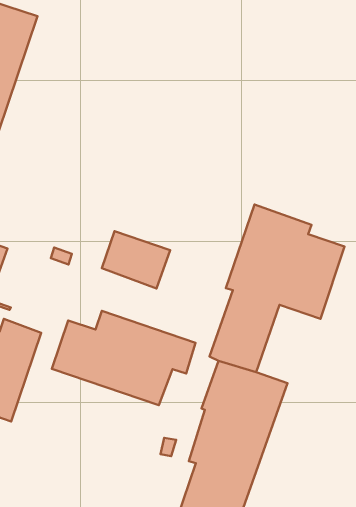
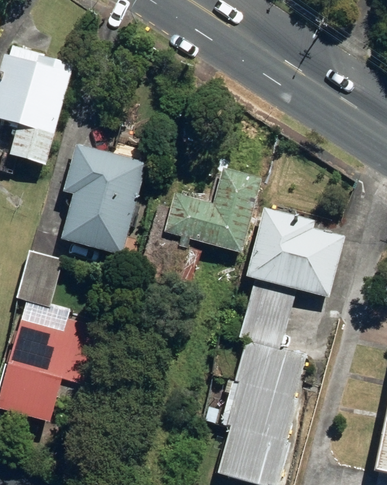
building: none -> [62,143,145,254]
building: none -> [165,167,258,251]
building: [52,311,195,405] -> none

